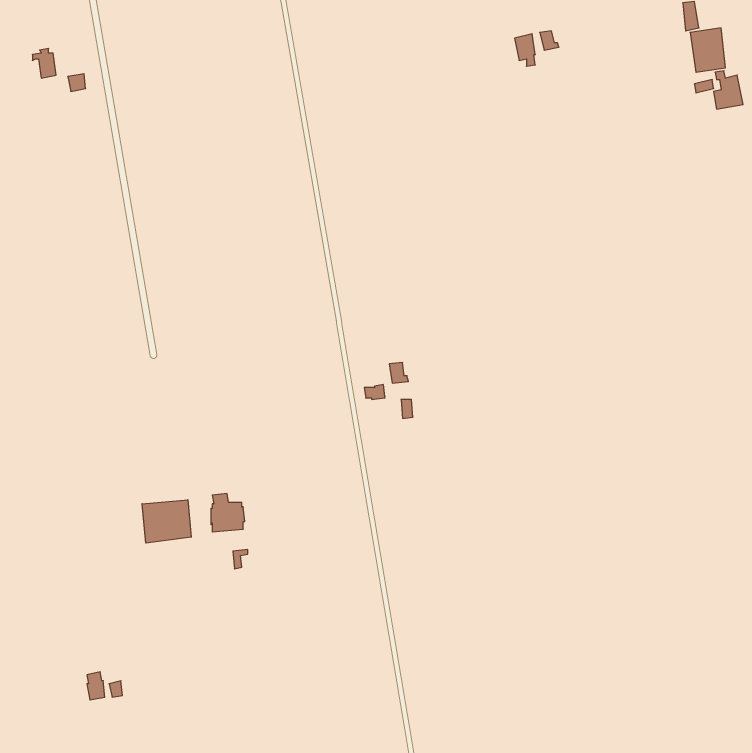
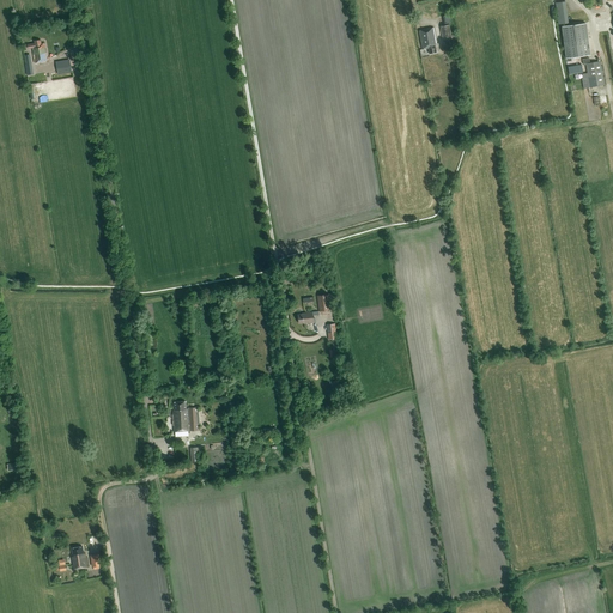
building: [142,500,191,543] -> none

